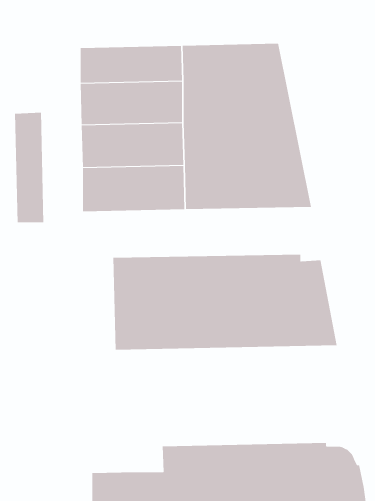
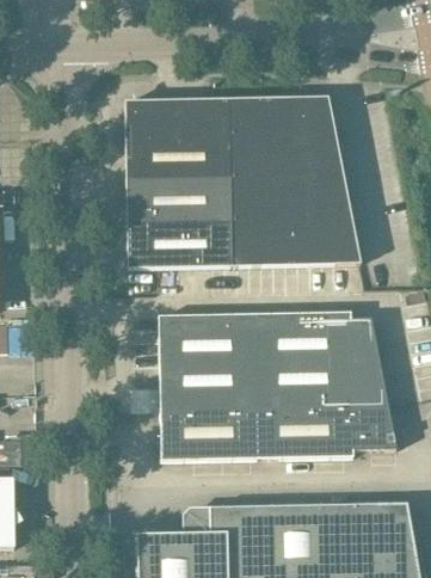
building: [15,112,44,223] -> none
building: none -> [161,404,396,459]

